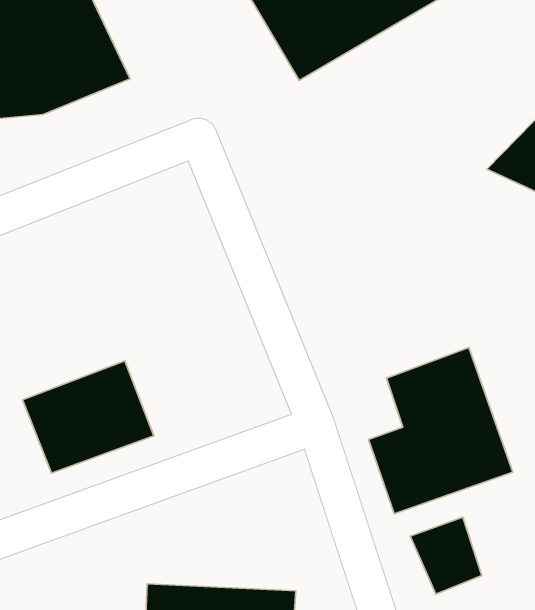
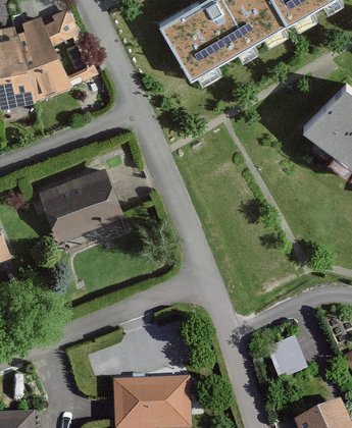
building: [368,348,513,514] -> none
building: [23,361,154,473] -> [38,172,116,239]

